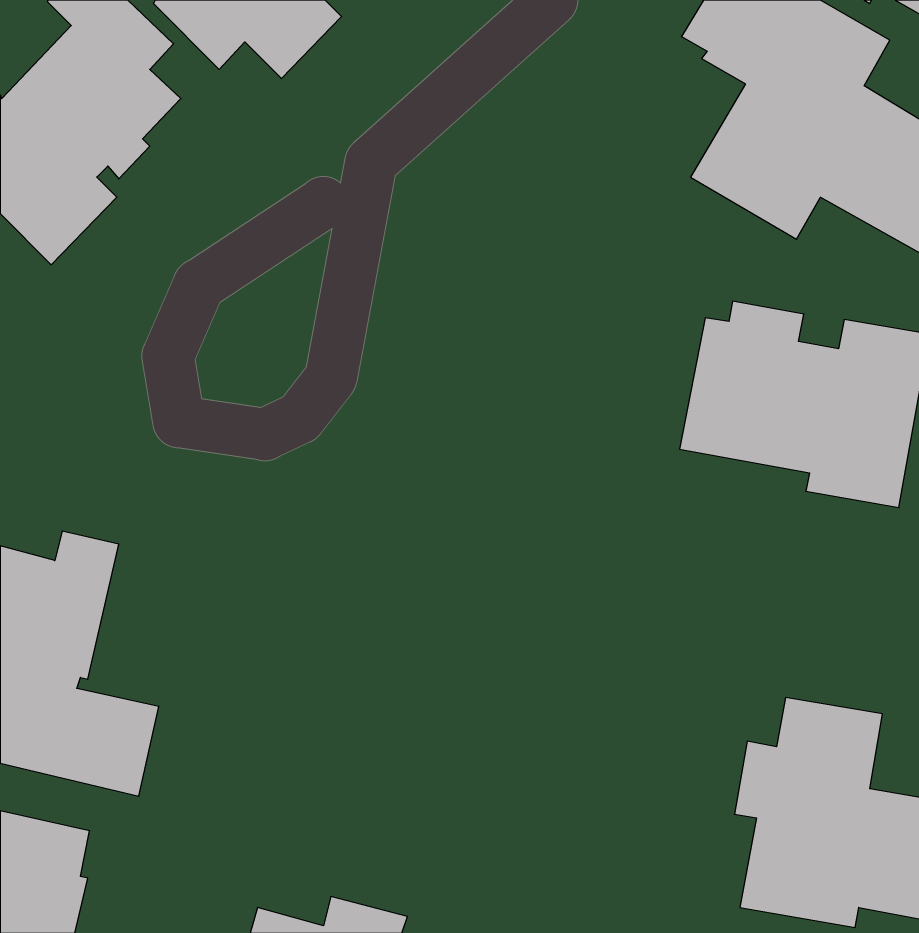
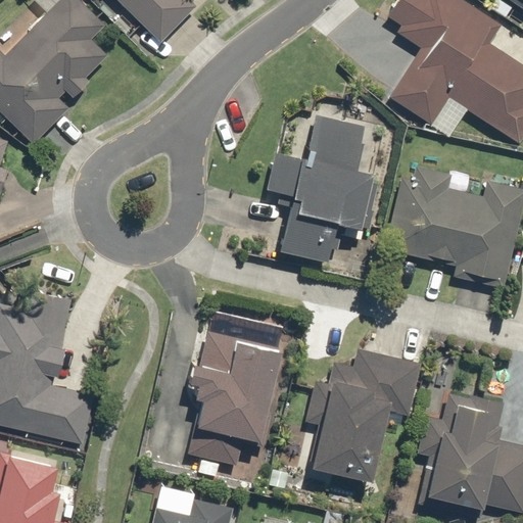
building: none -> [268,117,369,262]
building: none -> [186,312,283,479]
building: none -> [308,351,420,480]

